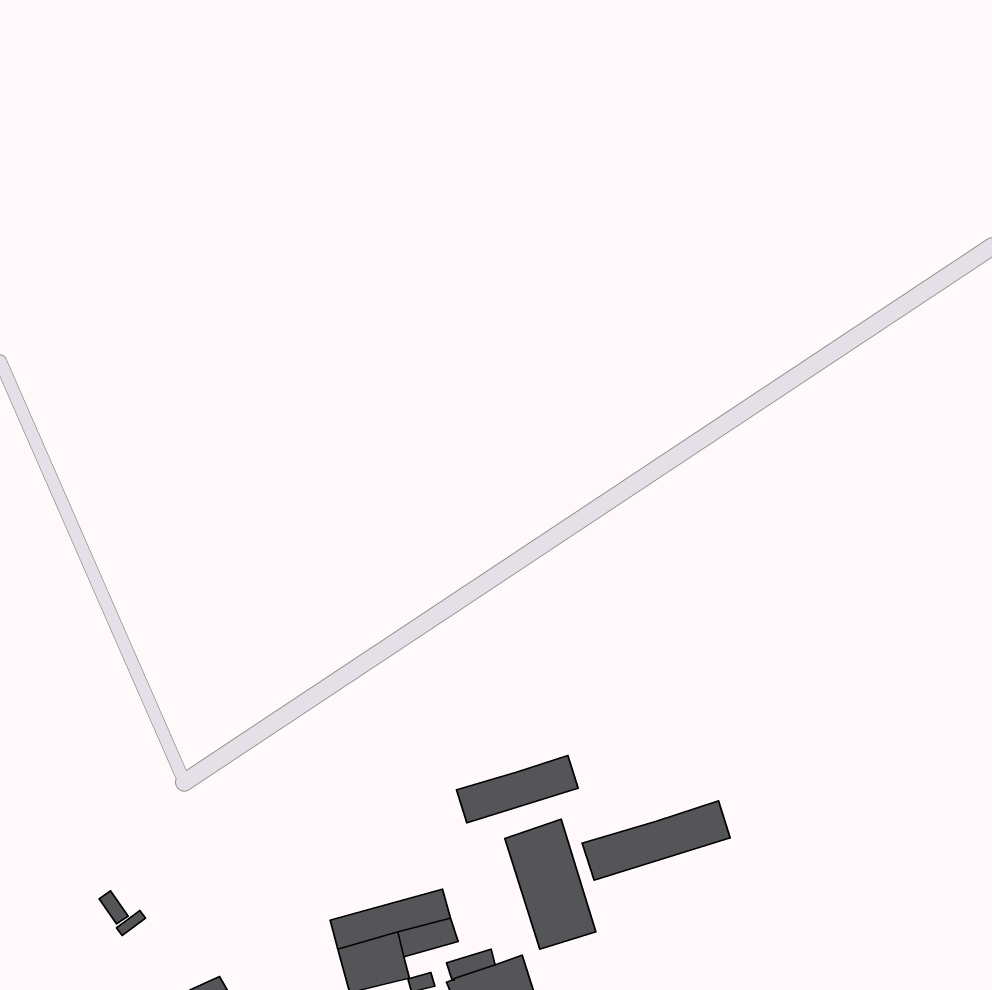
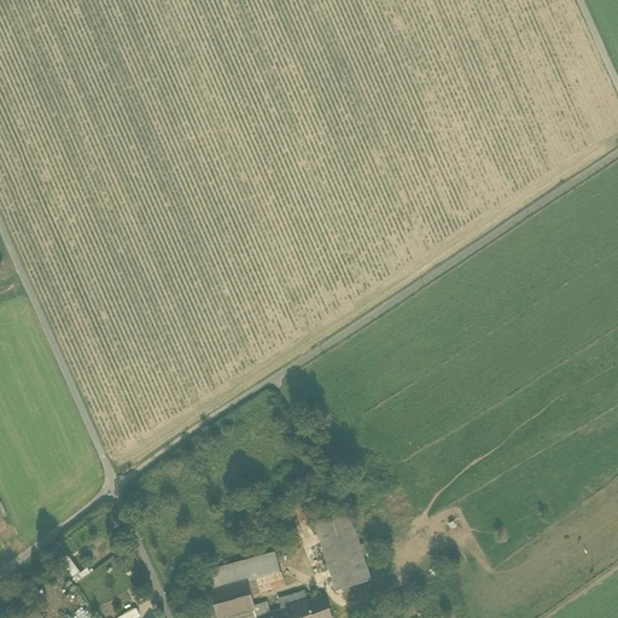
building: [456,755,578,823] -> none
building: [582,801,730,880] -> none

